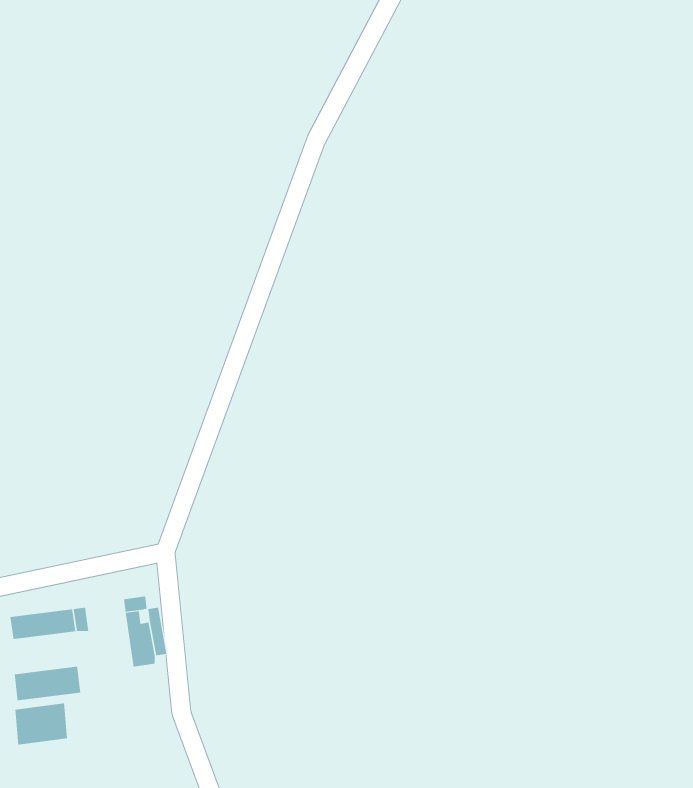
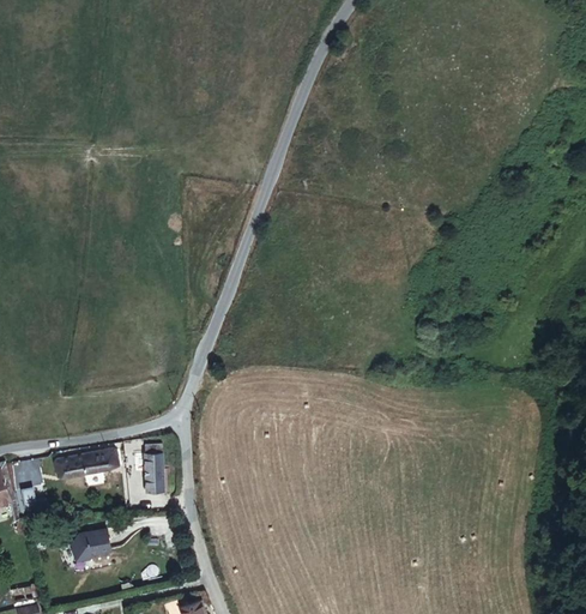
building: [14,666,81,701] -> none

